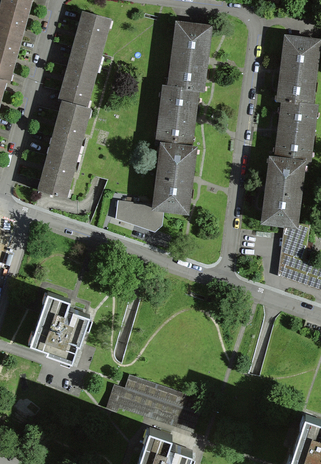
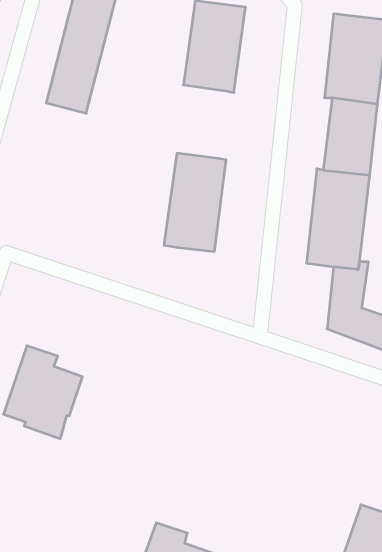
building: [154,86,200,143] -> none
building: [37,100,91,199] -> none
building: [113,198,162,230] -> none

